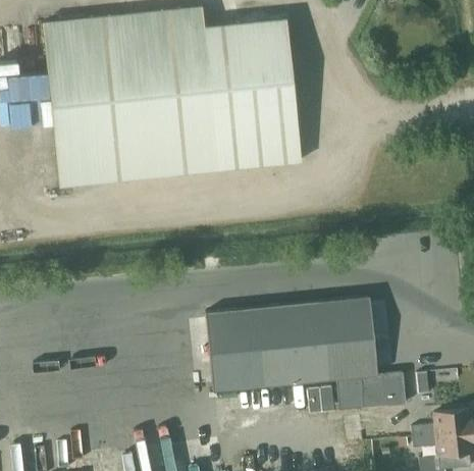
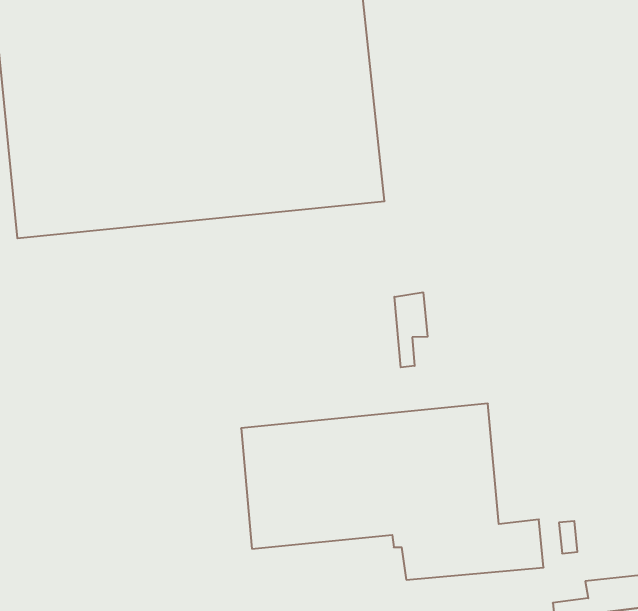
building: none -> [394,292,428,367]

